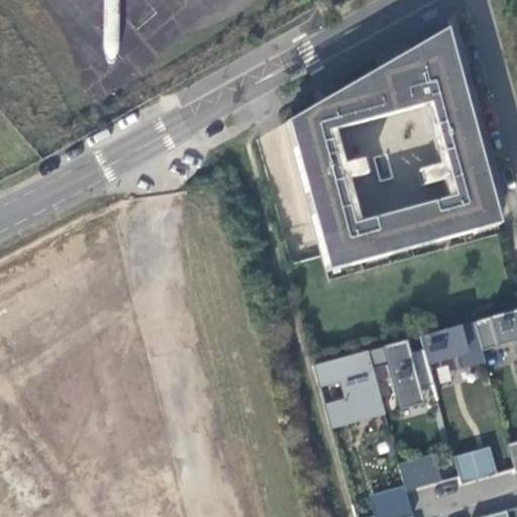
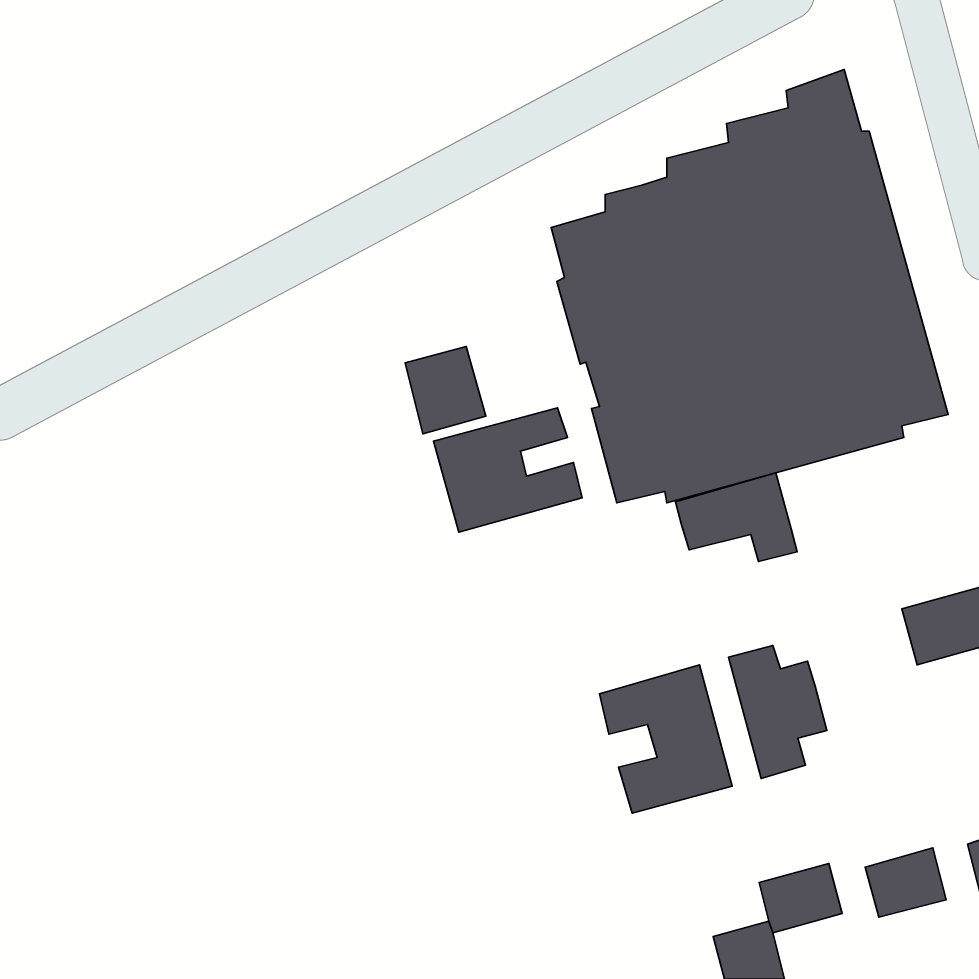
building: none -> [405,346,486,434]
building: none -> [433,408,582,532]
building: [423,319,487,366] -> [676,473,797,561]

